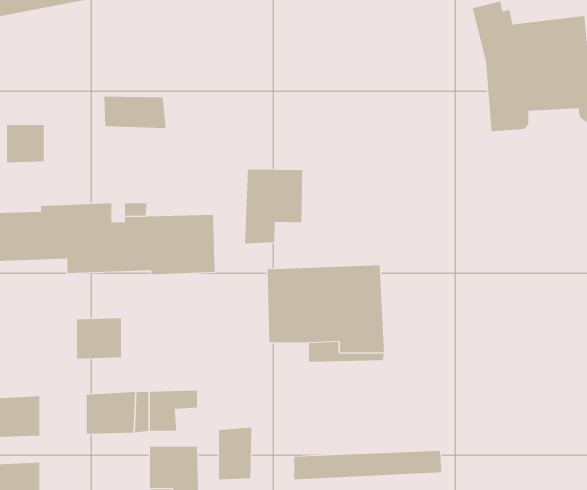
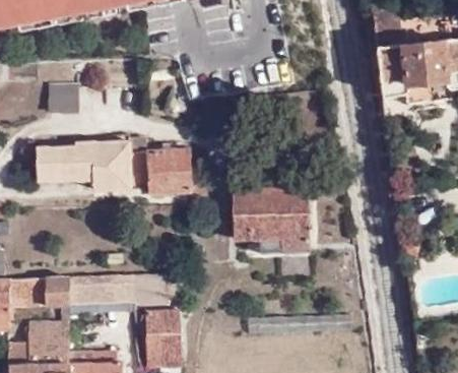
building: [104,96,166,129] -> none
building: [245,169,303,244] -> none
building: [76,318,122,359] -> [72,277,104,306]
building: [219,427,252,480] -> none

